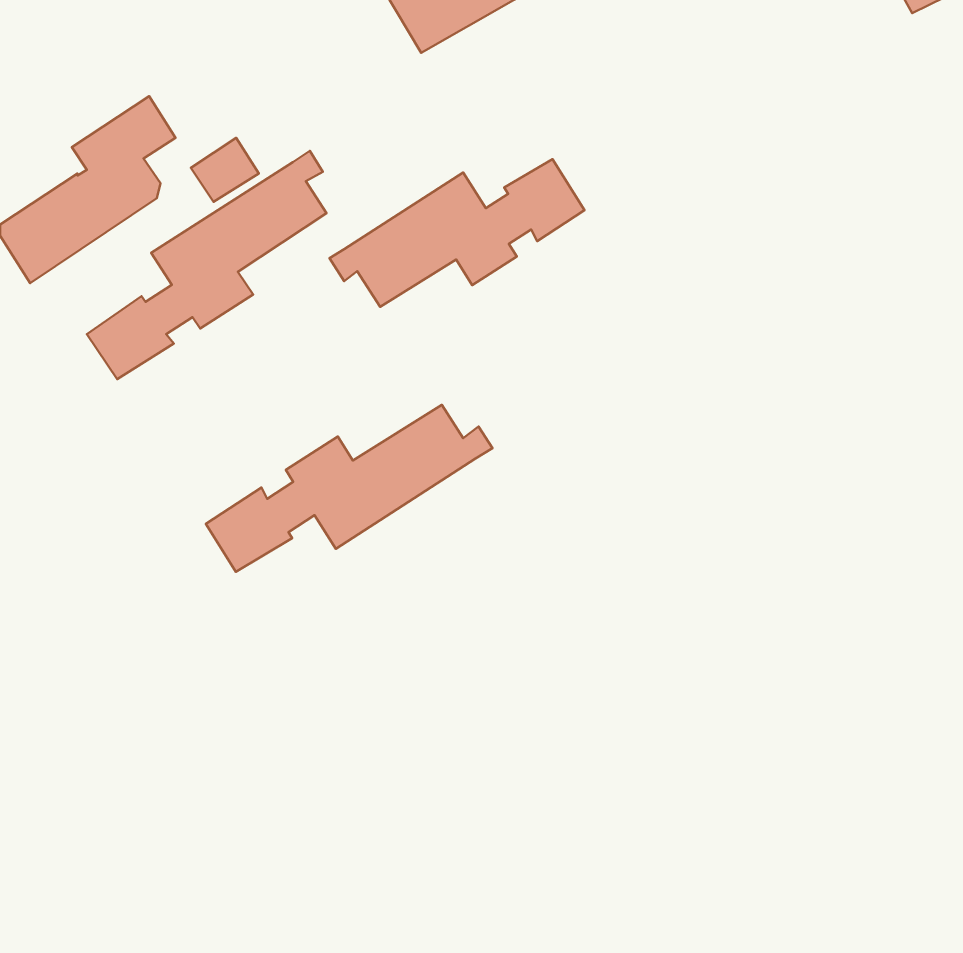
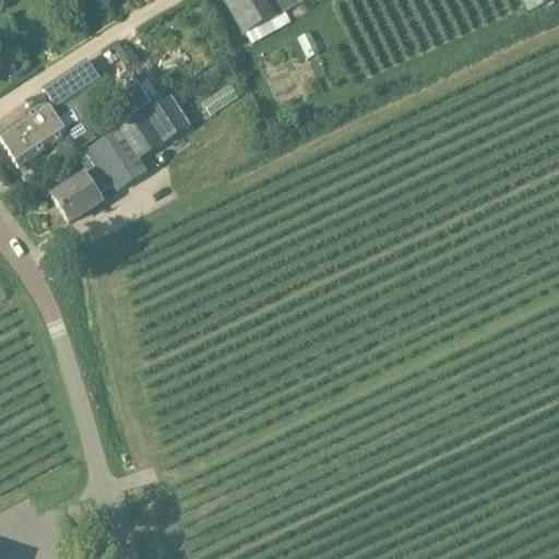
building: [329,159,585,307] -> none
building: [206,405,493,572] -> none

